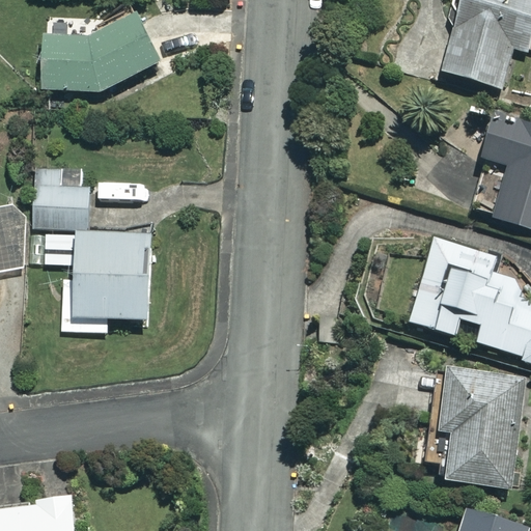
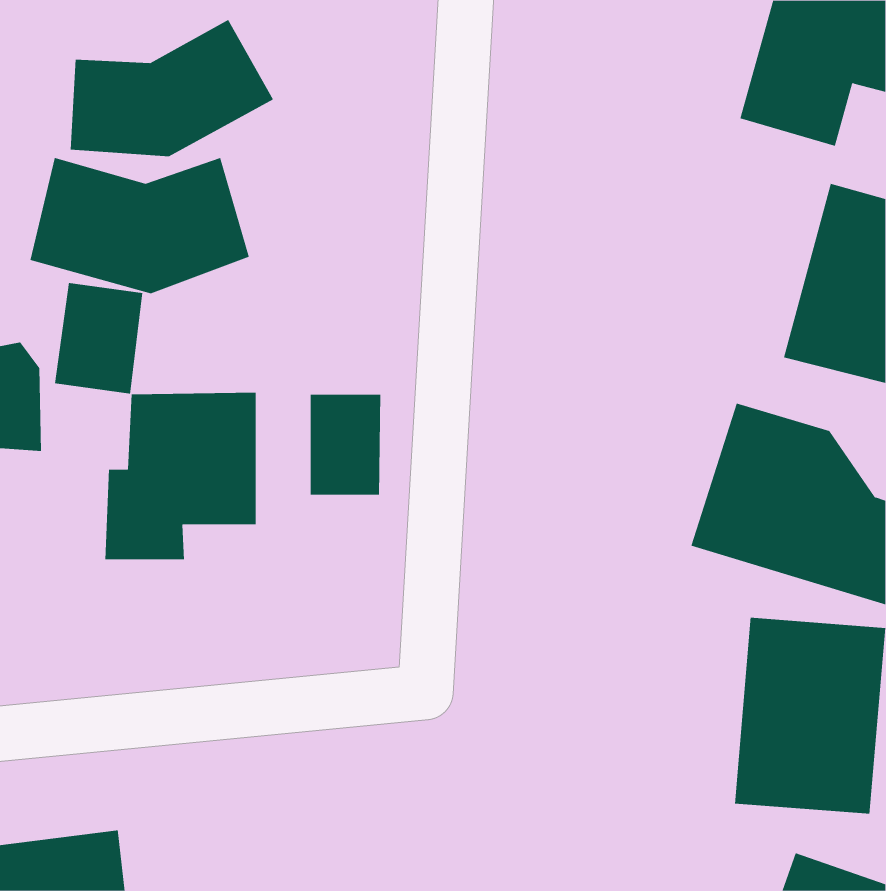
building: none -> [30,157,250,294]
building: none -> [310,394,381,495]

